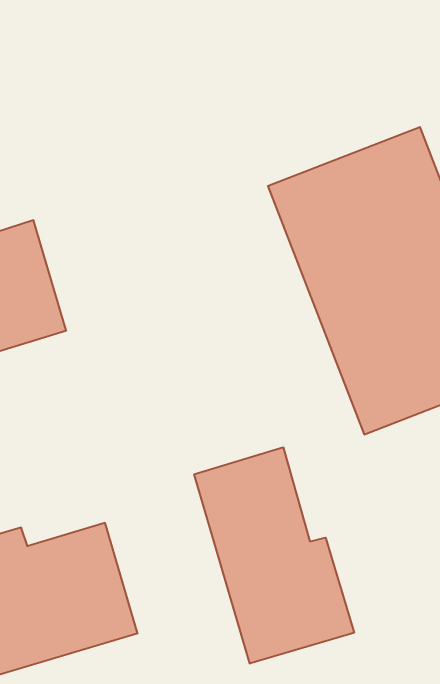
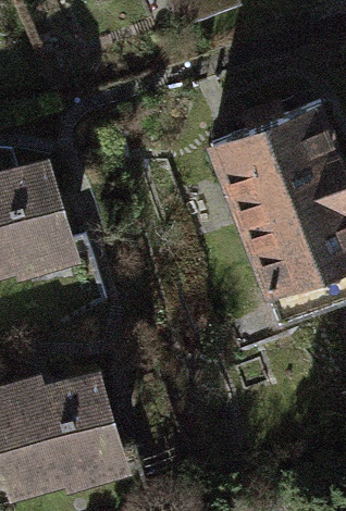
building: [194,447,354,664] -> none

